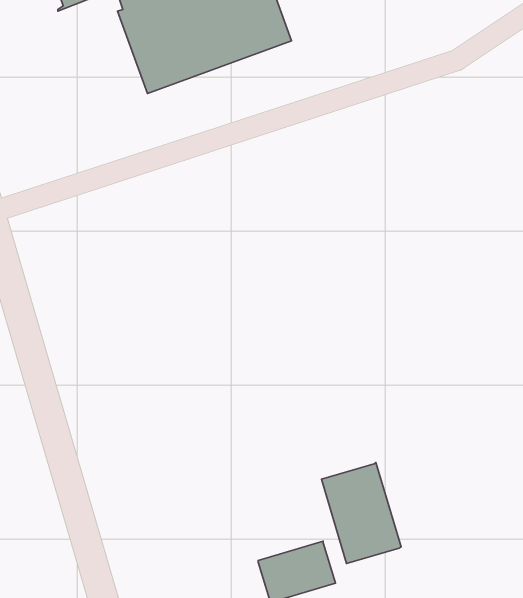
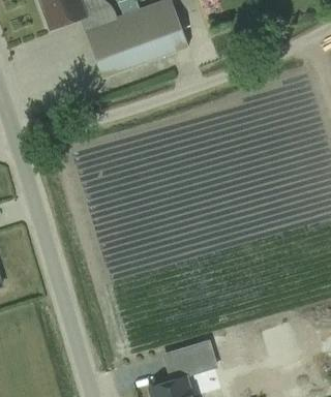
building: [322,463,401,563] -> none

